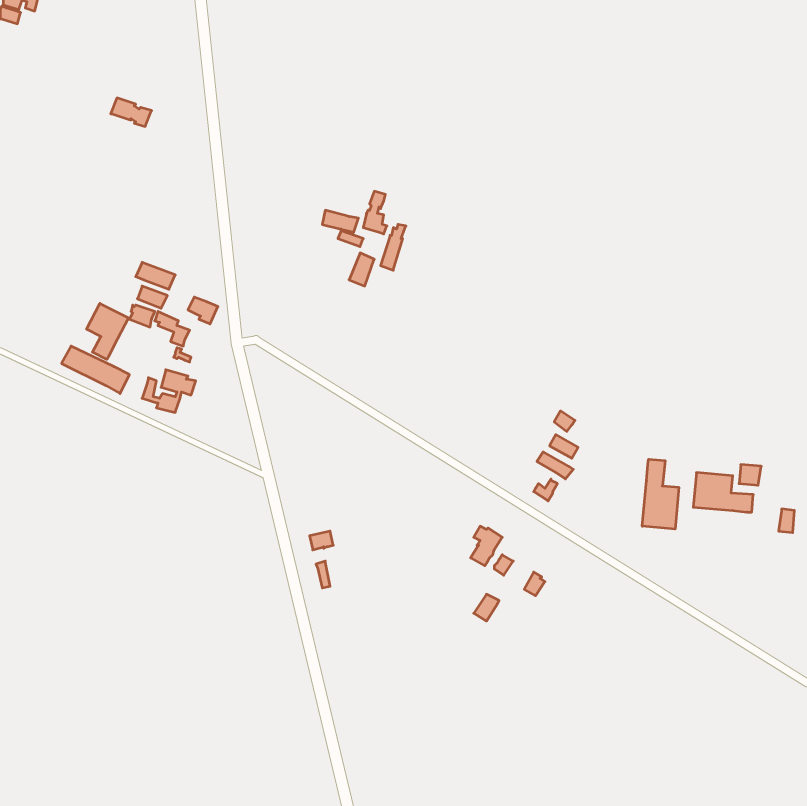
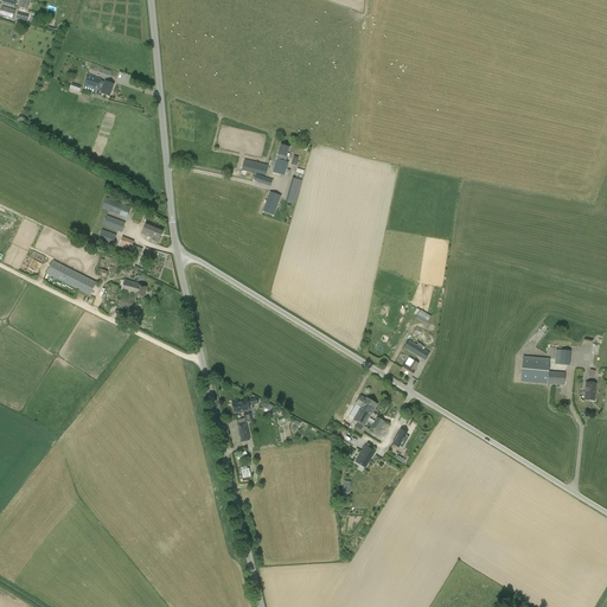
building: [87,303,128,359] -> none
building: [642,459,679,529] -> none

